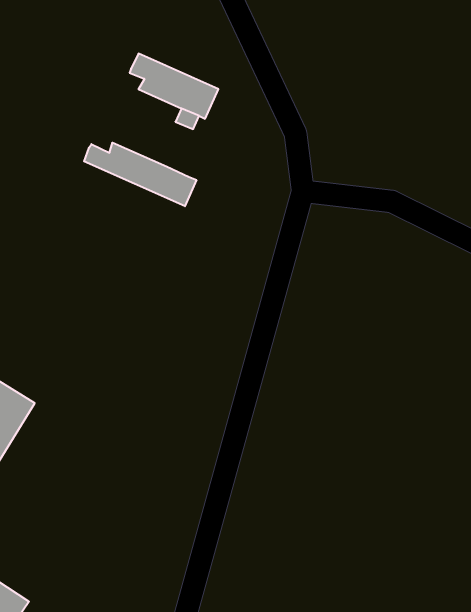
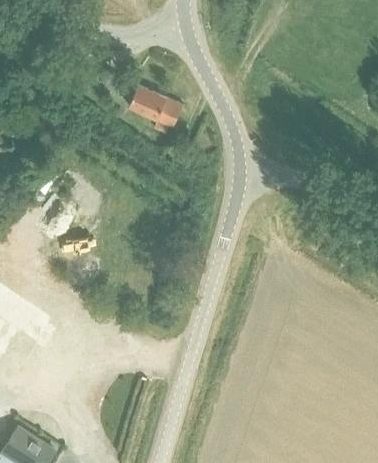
building: [84,143,196,206] -> none

